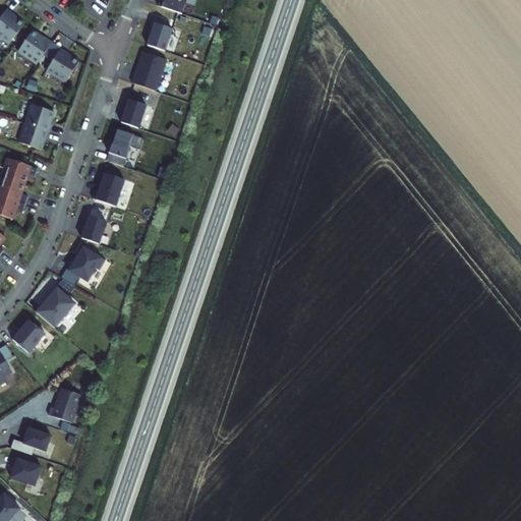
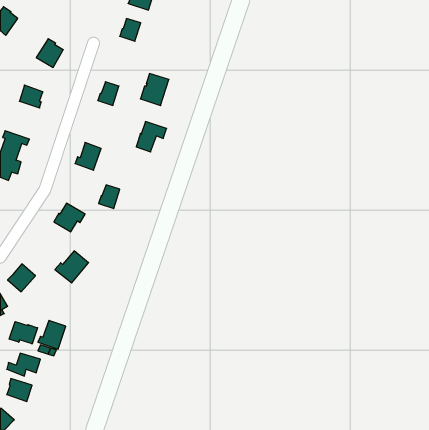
building: [17,30,52,63] -> none
building: [131,51,166,90] -> [140,74,169,106]
building: [18,122,50,149] -> none
building: [106,128,142,165] -> [136,122,167,152]
building: [80,215,106,243] -> [99,185,120,209]
building: [34,288,74,327] -> [55,251,89,283]
building: none -> [9,322,38,344]

